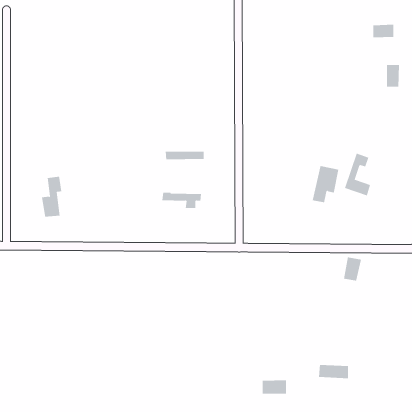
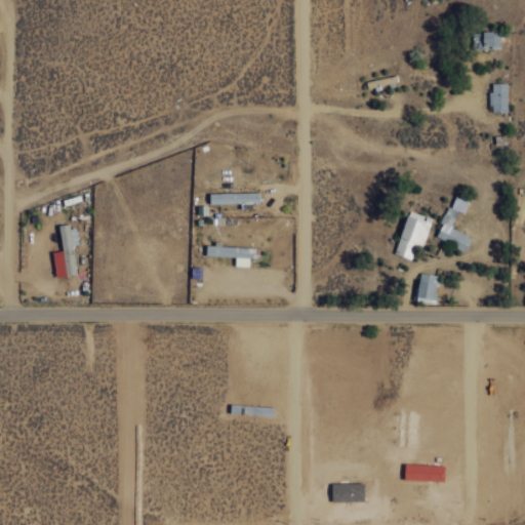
building: [343,257,362,281] -> [416,273,440,304]

